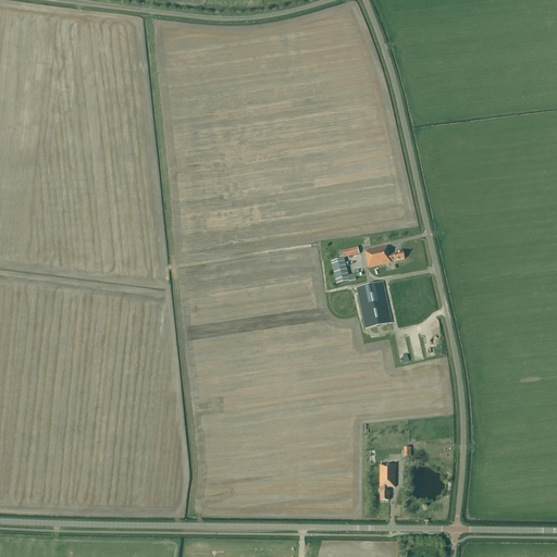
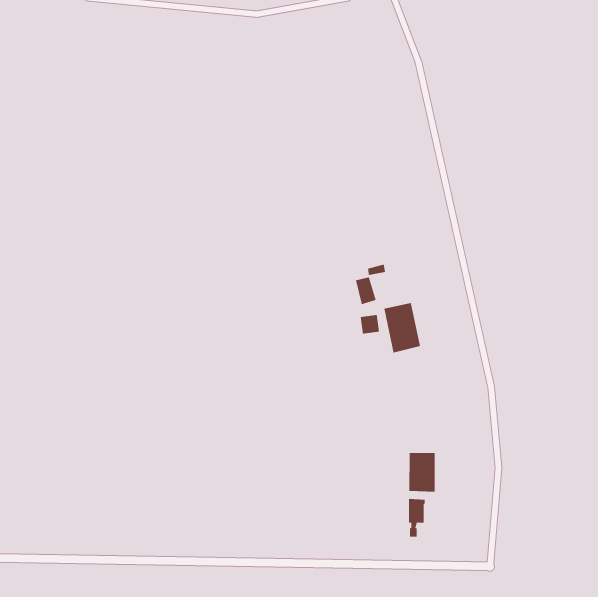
building: [363,245,404,265] -> none
building: none -> [409,452,435,492]

